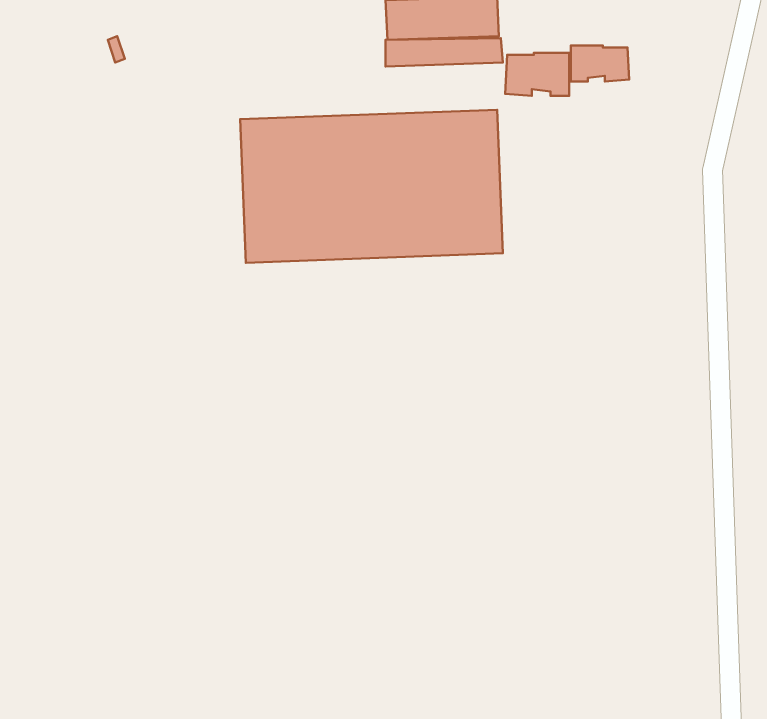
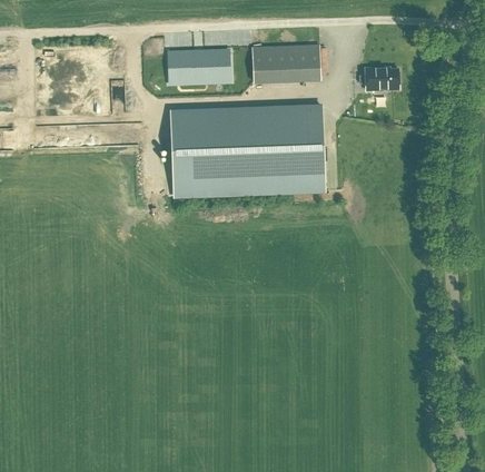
building: none -> [161,55,222,81]
building: [505,53,569,96] -> none

